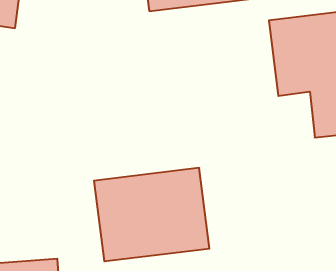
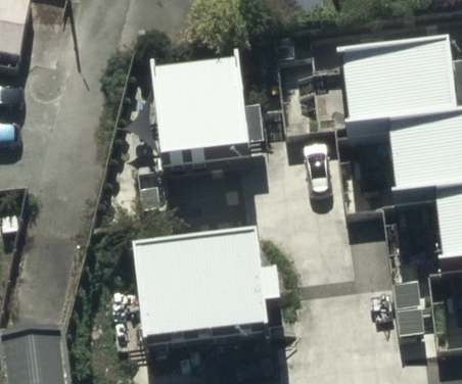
building: none -> [150,47,259,162]

